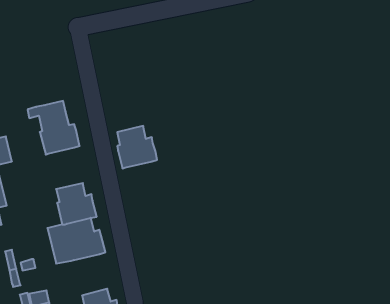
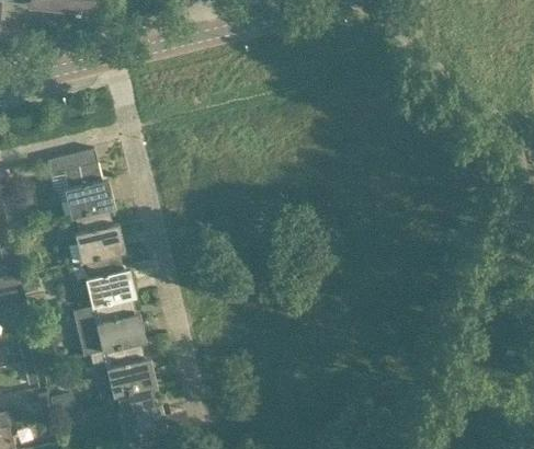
building: [117,126,157,168] -> [73,209,124,263]
building: none -> [105,344,156,398]

